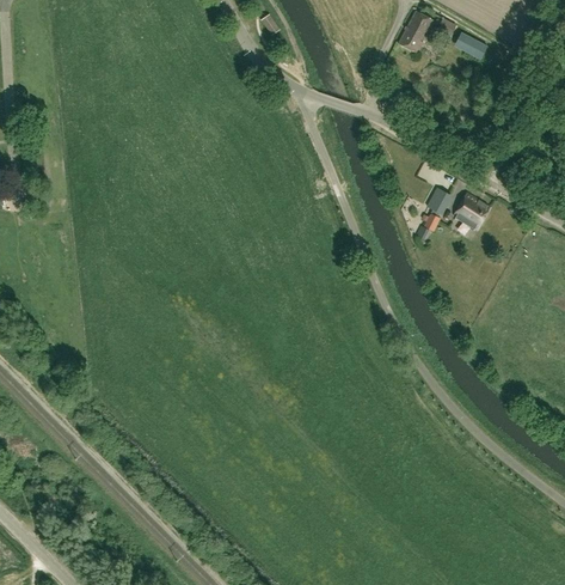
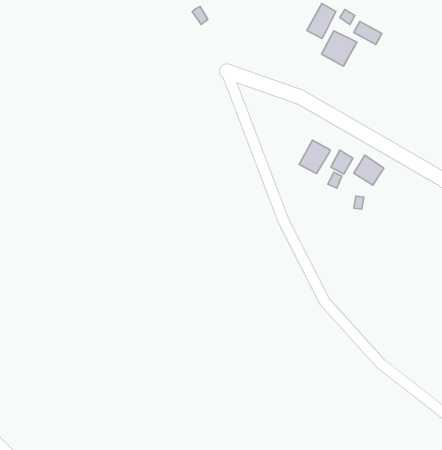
building: none -> [321,31,357,66]
building: none -> [299,140,330,174]

